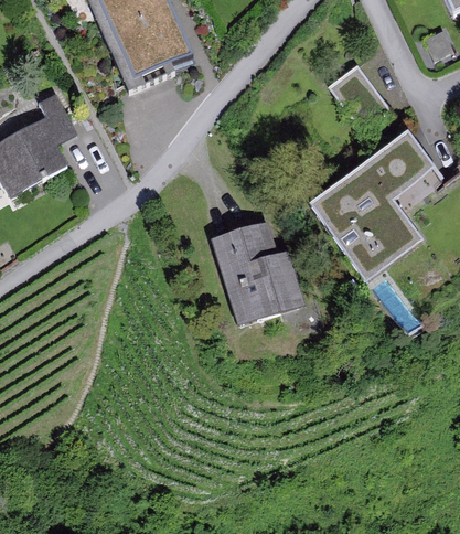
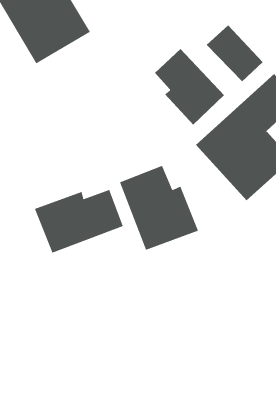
building: none -> [154,48,225,126]
building: none -> [34,189,123,254]

